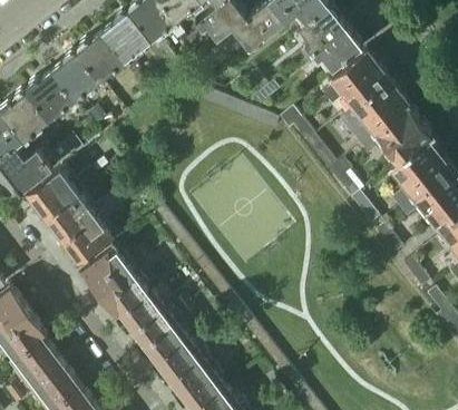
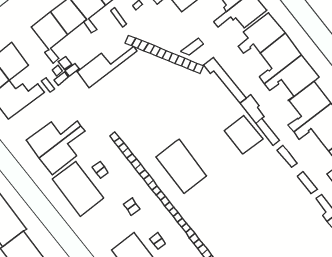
building: [28,71,77,121] -> none
building: [28,163,107,217] -> [77,47,137,88]
building: none -> [224,115,263,154]
building: [123,294,189,365] -> [156,139,207,193]

